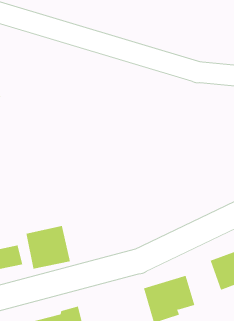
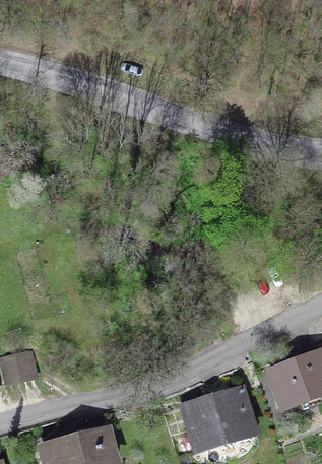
building: [26,225,71,270] -> none

